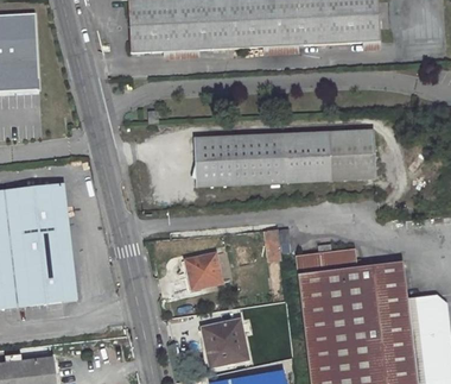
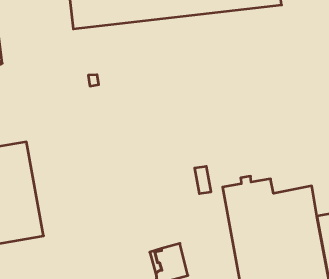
building: [193,131,374,185] -> none
building: [185,254,222,289] -> none

